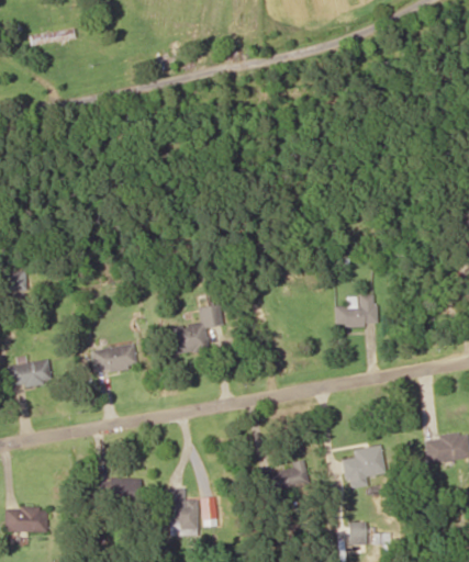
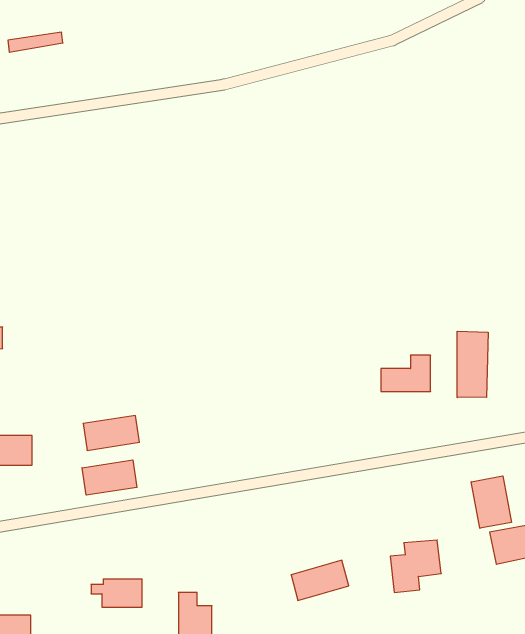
building: none -> [457,331,488,398]
building: [172,304,223,353] -> none
building: none -> [82,460,137,495]
building: none -> [471,476,511,528]

